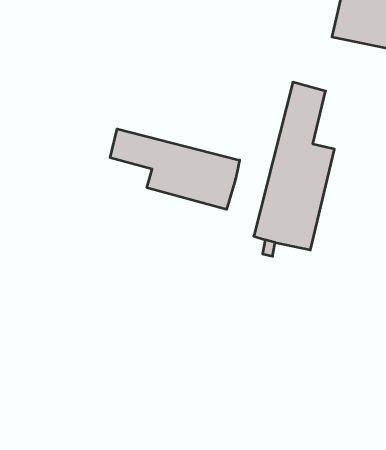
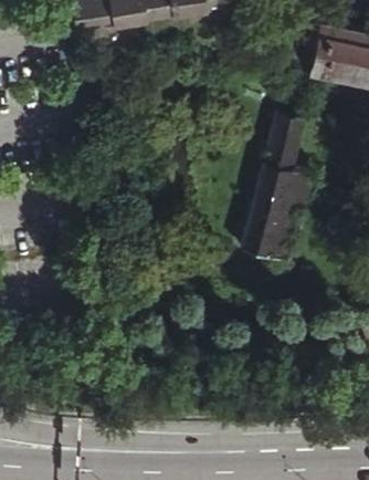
building: [110,129,240,209] -> none

